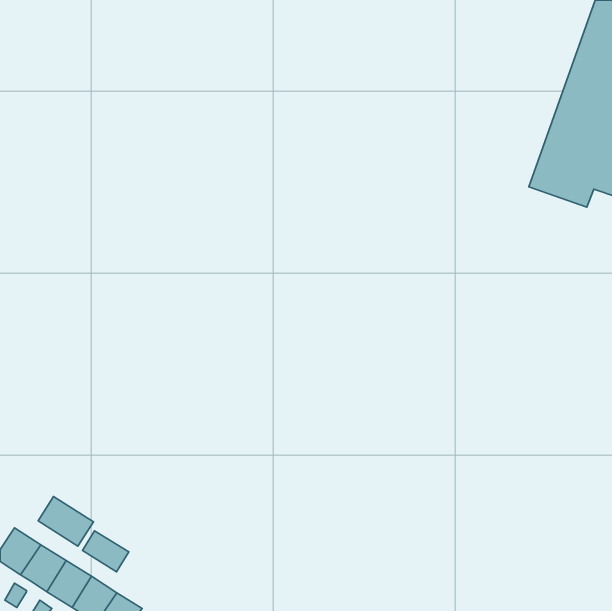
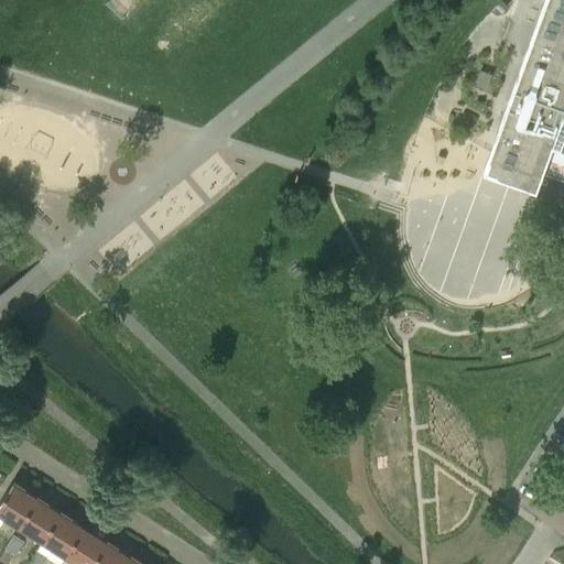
building: [38,496,93,546] -> none
building: [82,531,129,572] -> none

